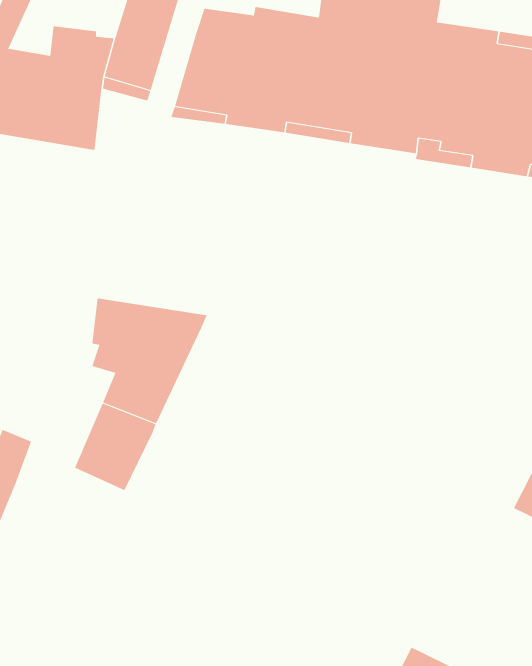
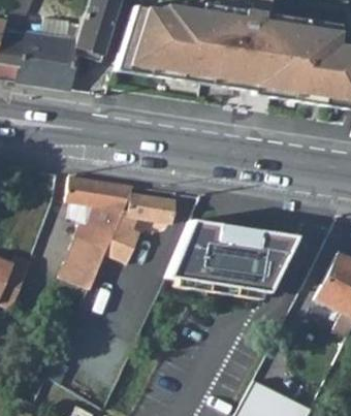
building: none -> [104,194,178,266]
building: none -> [167,220,297,293]

